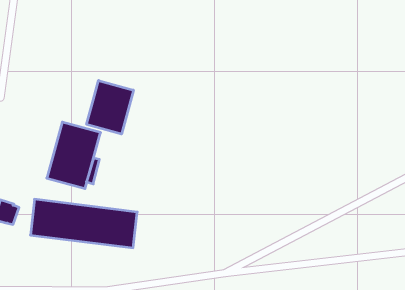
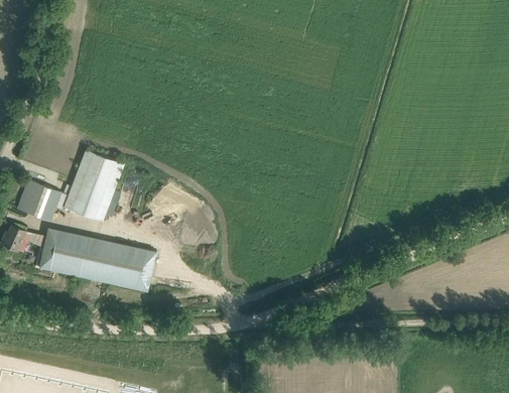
building: [87,80,133,134] -> none
building: none -> [16,179,59,221]

